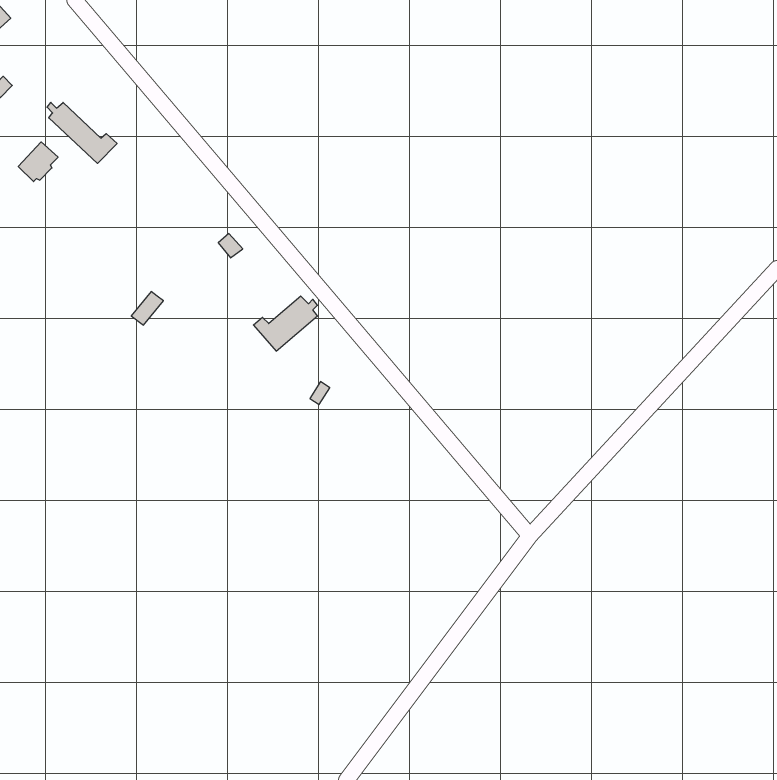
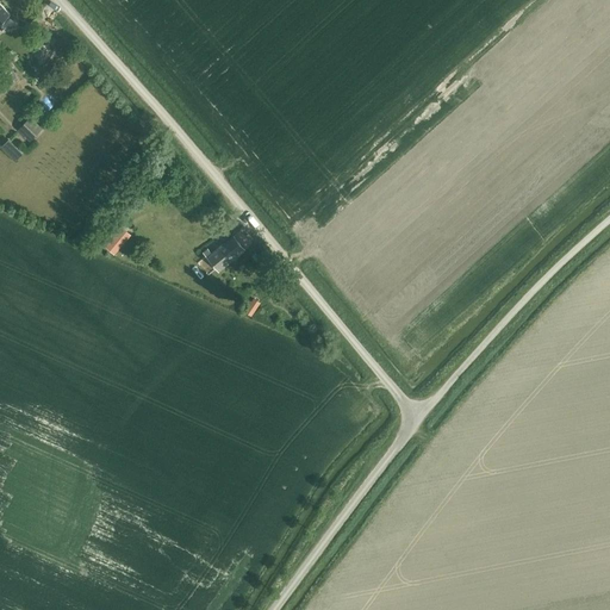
building: [47,102,117,163] -> none

